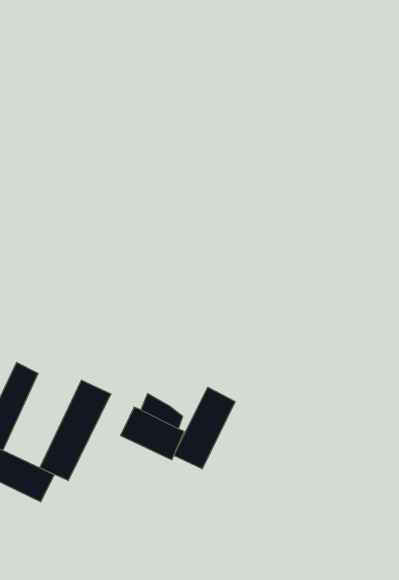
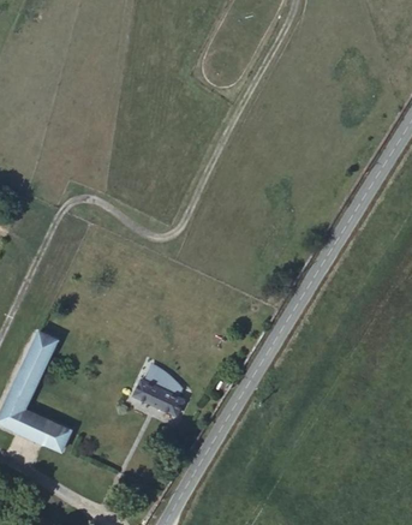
building: [40,380,111,481] -> none
building: [174,387,235,469] -> none

